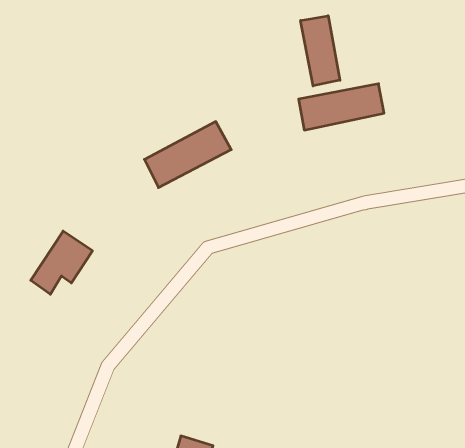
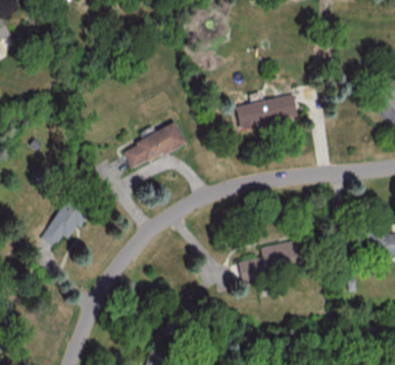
building: [301,16,340,86] -> none
building: none -> [239,240,304,279]

